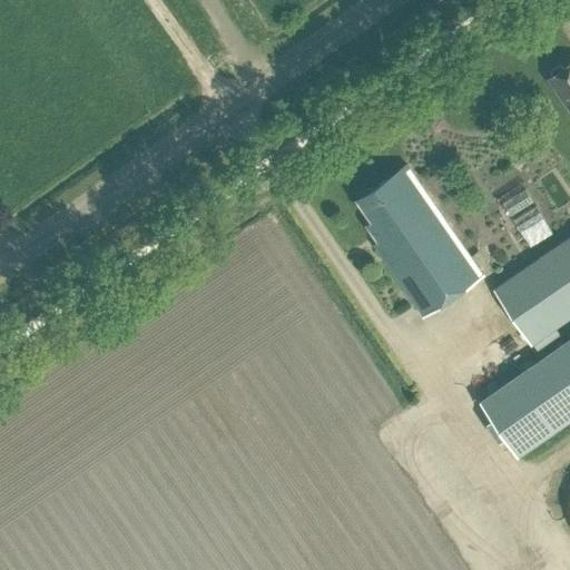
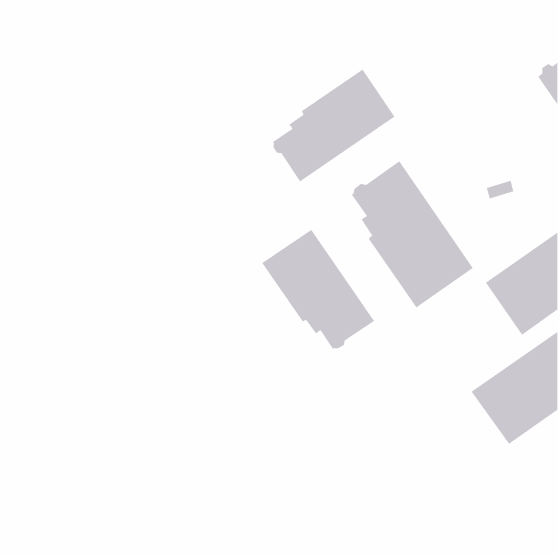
building: none -> [272,68,396,183]
building: none -> [261,229,375,350]

